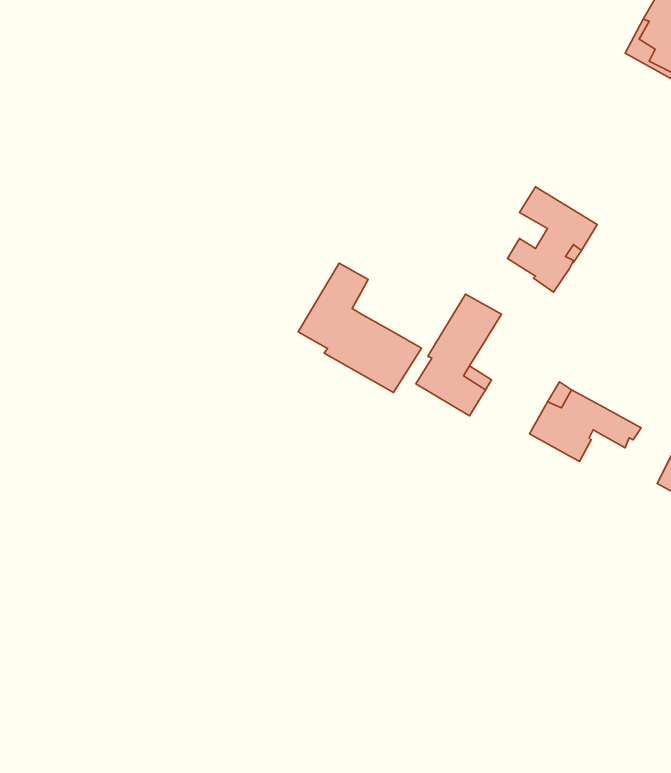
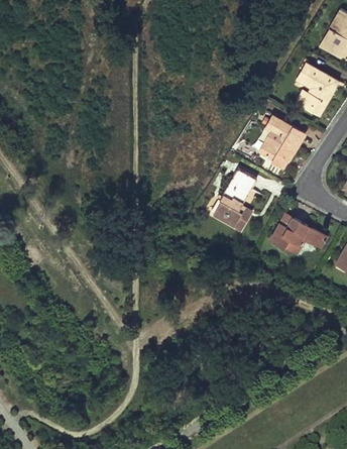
building: none -> [297,64,337,116]
building: [298,263,422,393] -> none

